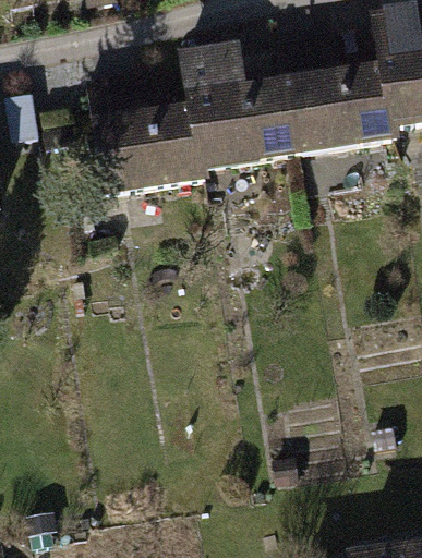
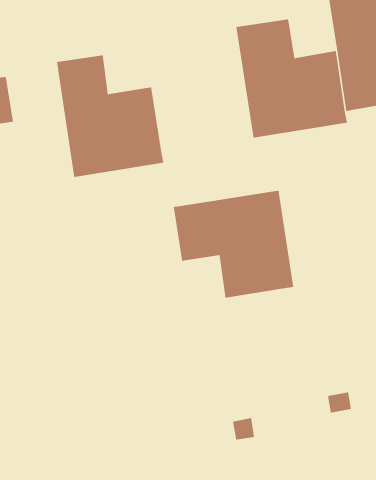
building: [177,44,291,172] -> none
building: none -> [173,190,294,298]

